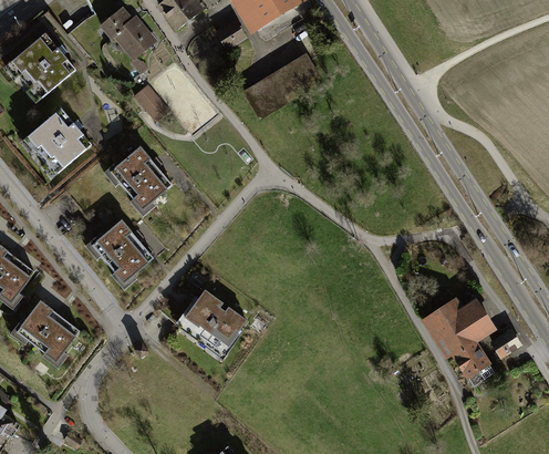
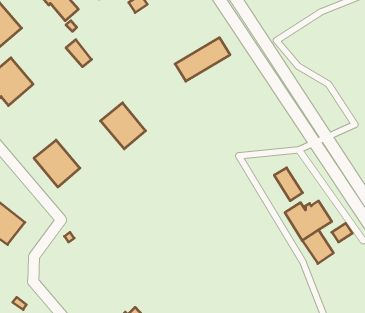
building: [246,56,320,115] -> [175,38,230,81]
building: [111,146,172,208] -> [100,103,146,149]
building: none -> [274,168,303,201]
building: [174,289,247,358] -> none

